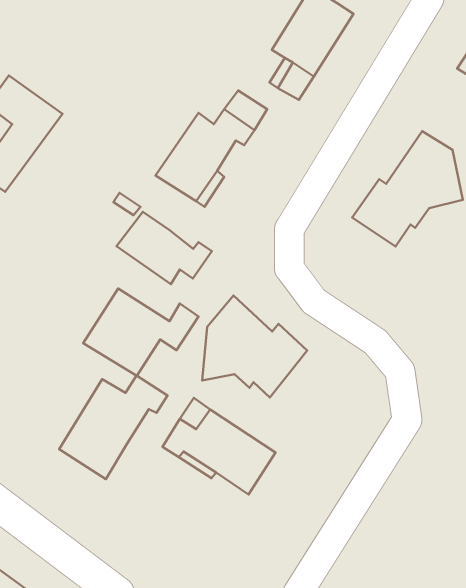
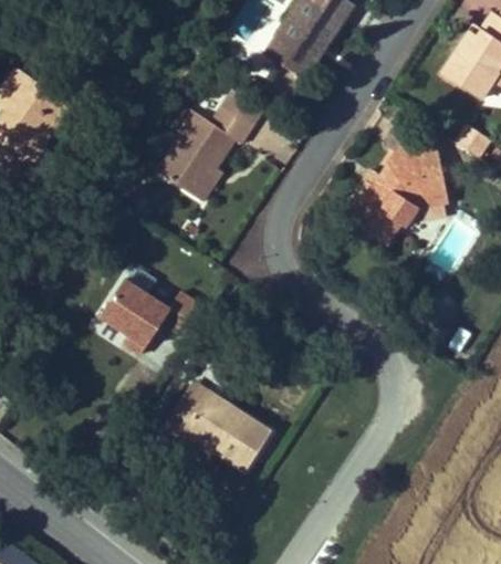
building: [117,212,212,284] -> none
building: [202,295,307,398] -> none
building: [59,376,167,479] -> none

